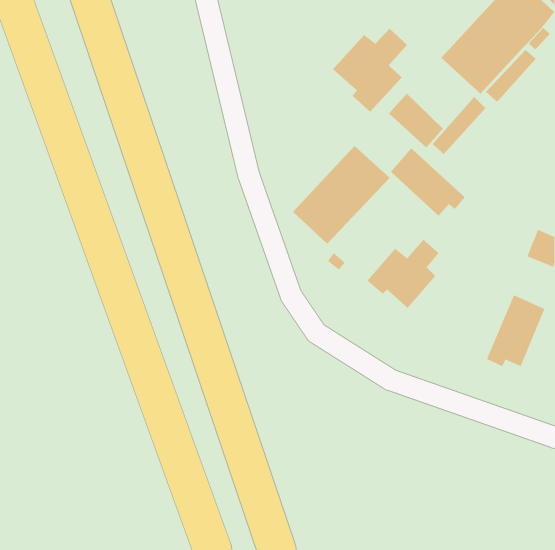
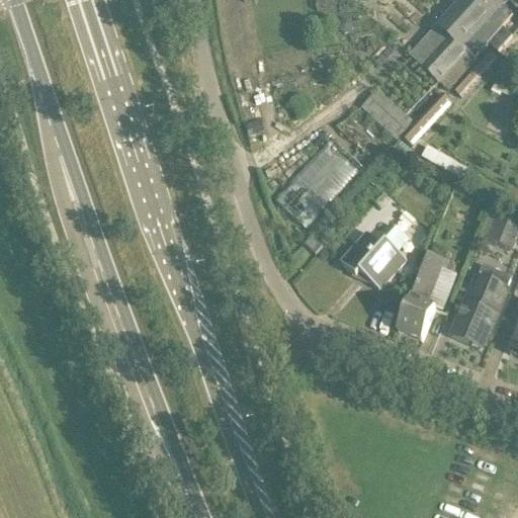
building: [332,28,408,113] -> none
building: [390,147,466,216] -> none
building: none -> [396,250,458,338]

